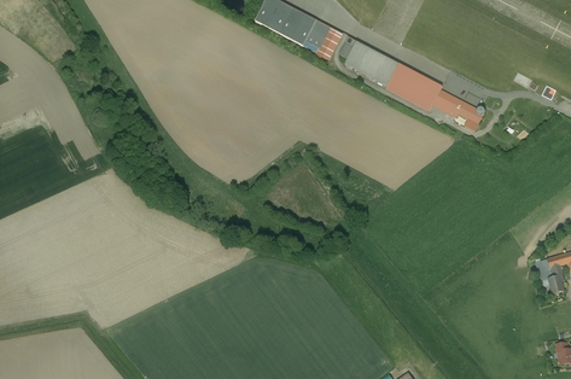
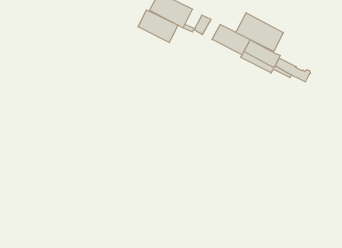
building: none -> [138,10,178,43]
building: none -> [236,13,283,51]

